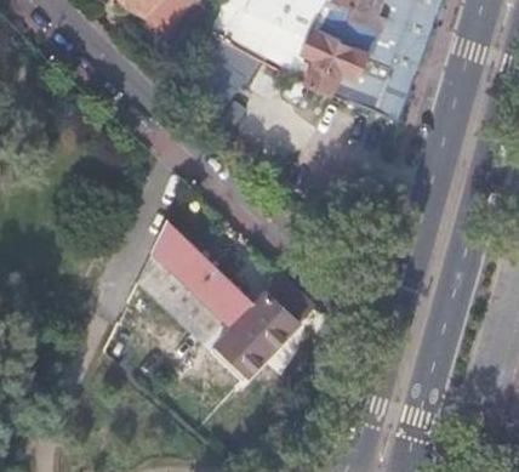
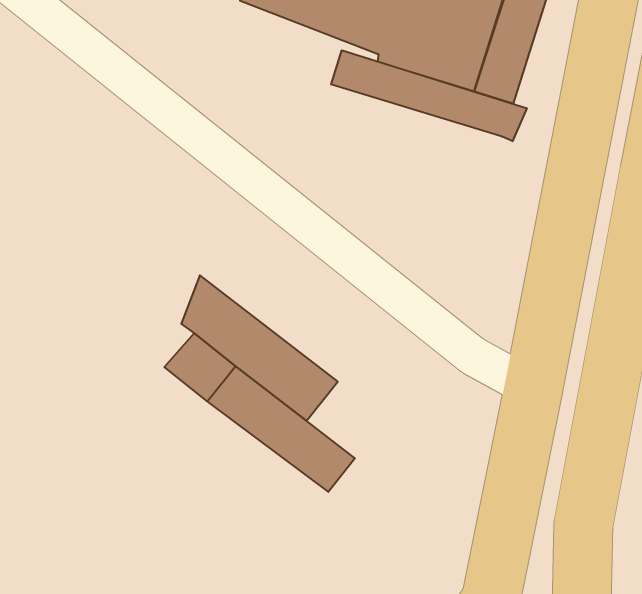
building: none -> [331,50,527,141]
building: [233,274,315,358] -> none

